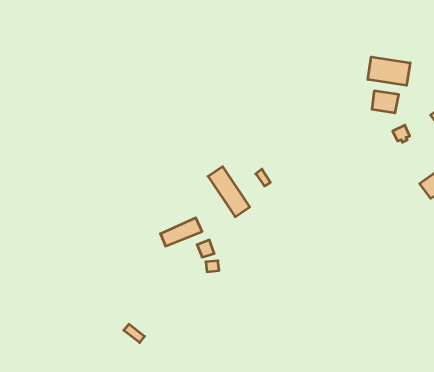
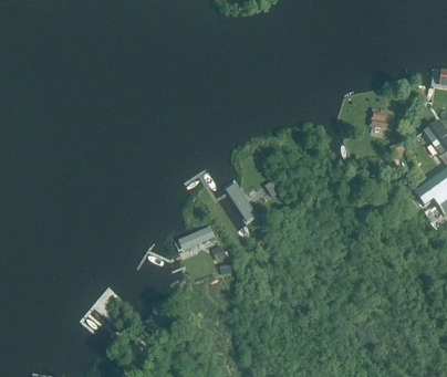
building: [368,57,410,85] -> none

